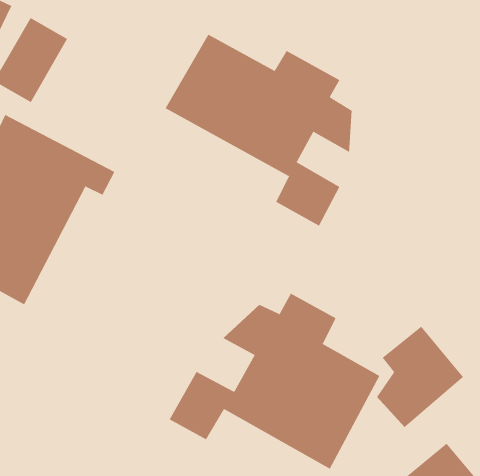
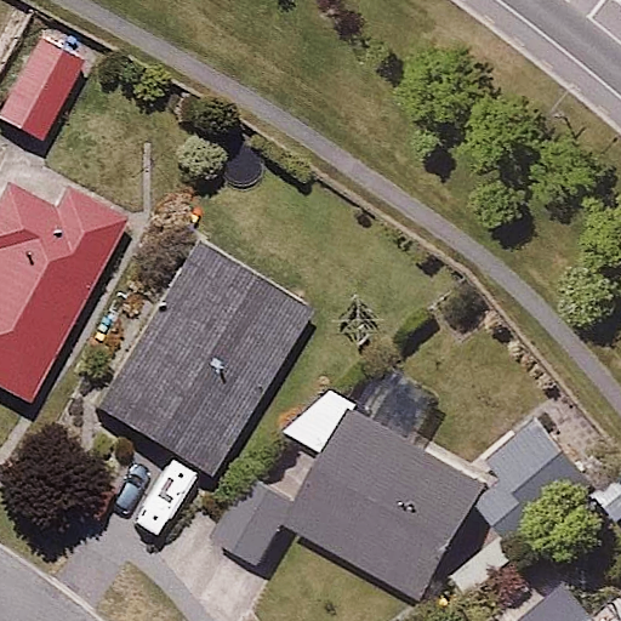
building: [165,34,352,227] -> none
building: none -> [96,228,310,474]

